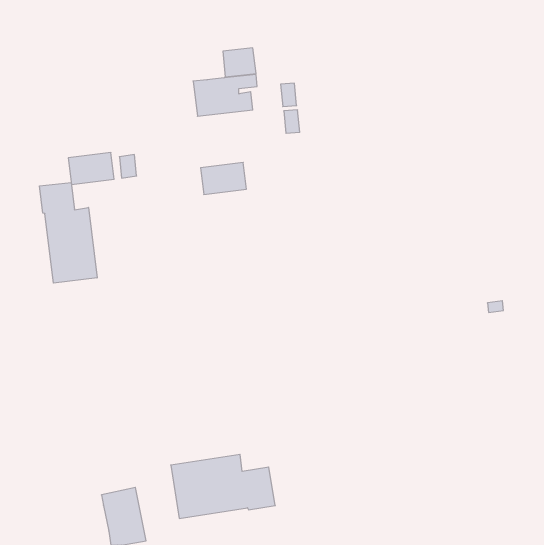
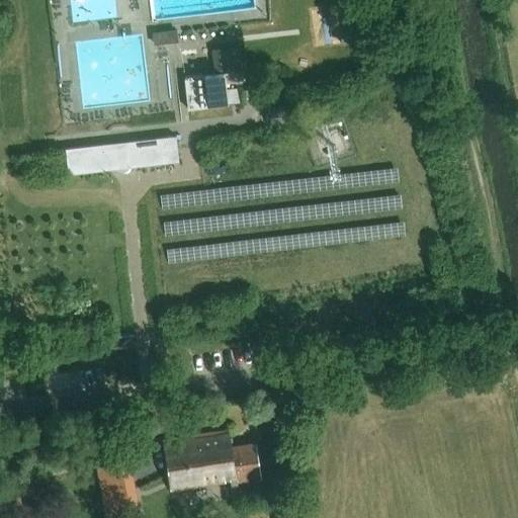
building: [201,162,246,194] -> [137,137,180,167]
building: [40,183,97,283] -> none

